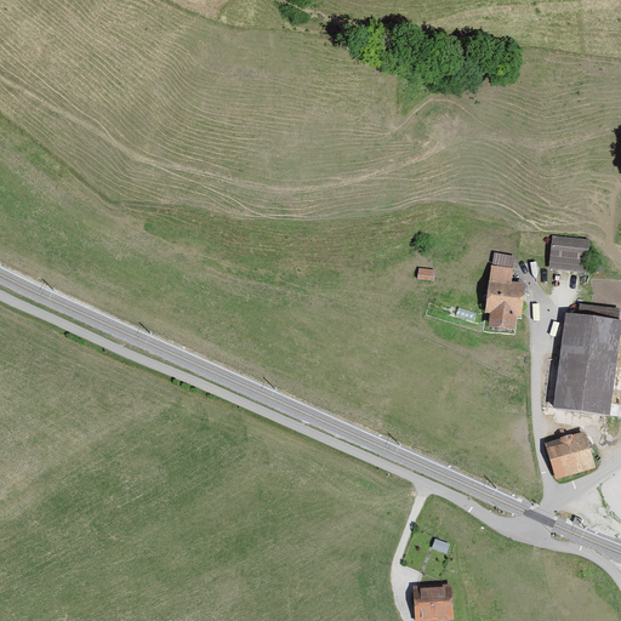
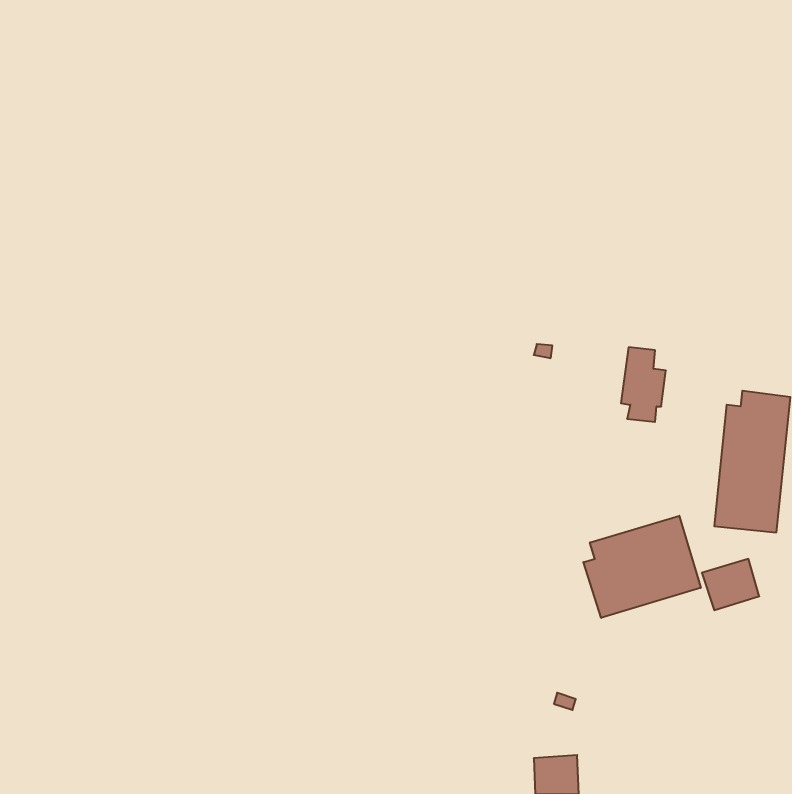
building: [551,237,586,269] -> none
building: none -> [583,516,701,618]

